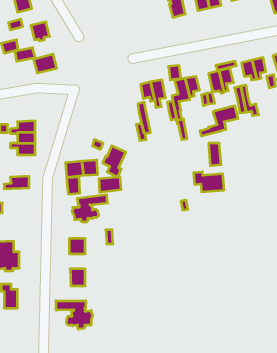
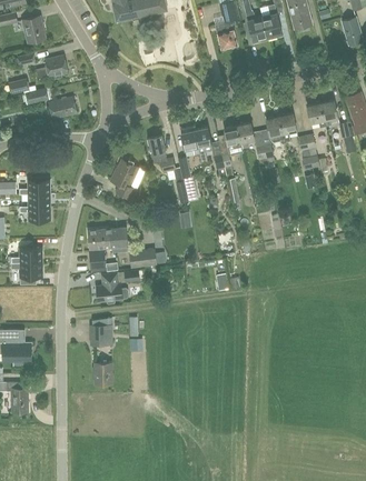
building: none -> [148,134,175,170]
building: [200,106,238,136] -> none
building: [103,146,126,177] -> [110,159,139,198]
building: [194,172,224,192] -> none
building: none -> [11,261,42,283]
building: [56,301,93,329] -> none

